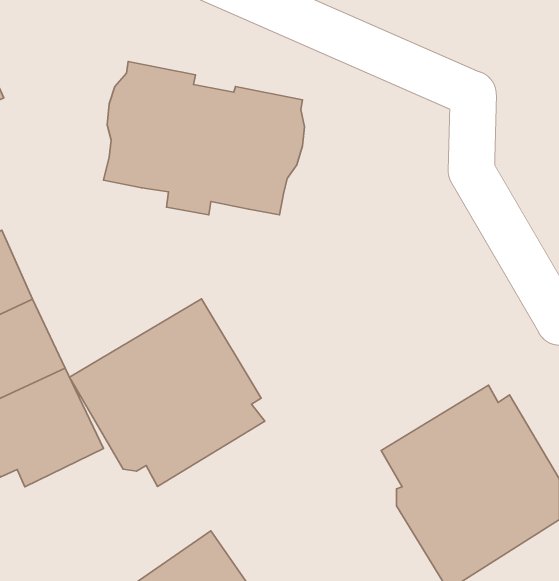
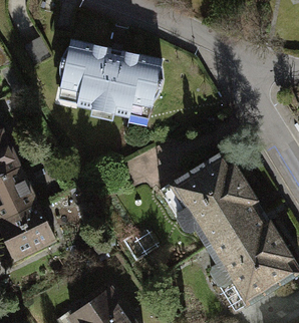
building: [69,299,265,486] -> [158,145,260,244]

